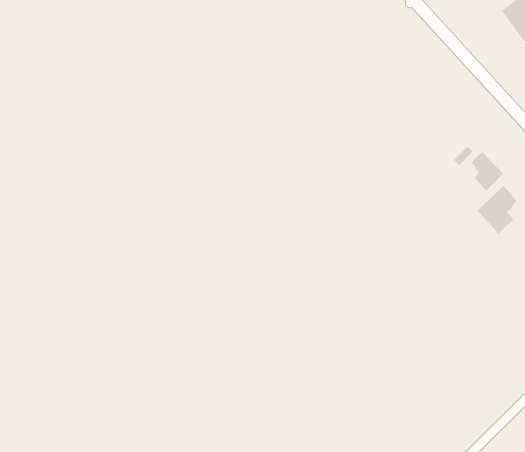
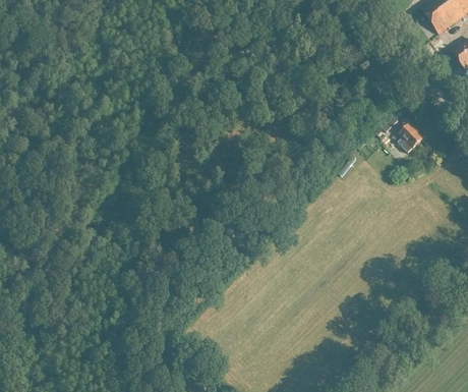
building: [477,185,517,235] -> none

